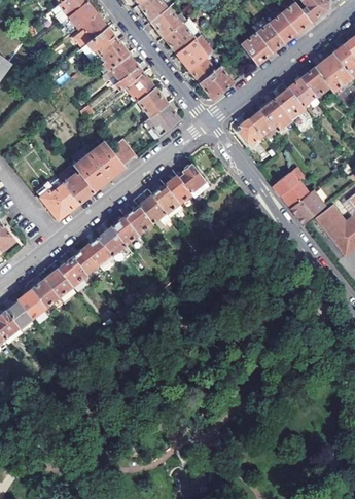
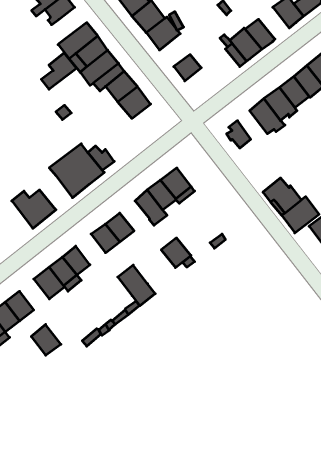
building: [75,13,108,47] -> [41,53,76,89]
building: [269,13,297,43] -> none
building: [176,35,213,69] -> none
building: [200,66,234,99] -> none
building: [146,104,181,137] -> none
building: [249,110,277,141] -> none
building: [64,171,95,203] -> none
building: [139,194,167,222] -> [161,238,191,268]
building: [98,225,133,263] -> [118,265,155,306]
building: [45,268,73,296] -> [31,324,61,355]

